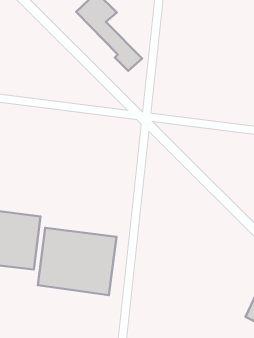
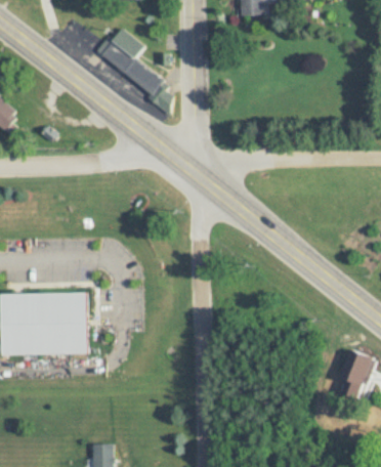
building: [38,228,116,295] -> none

